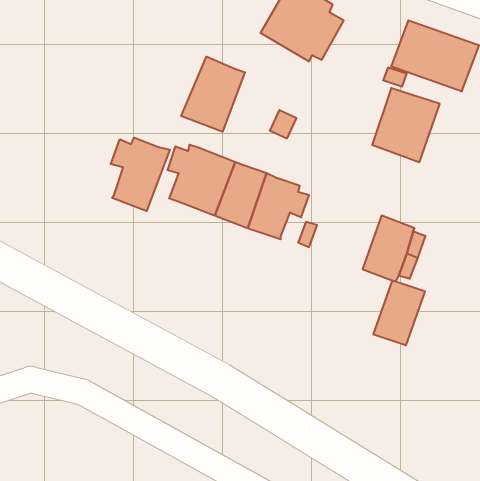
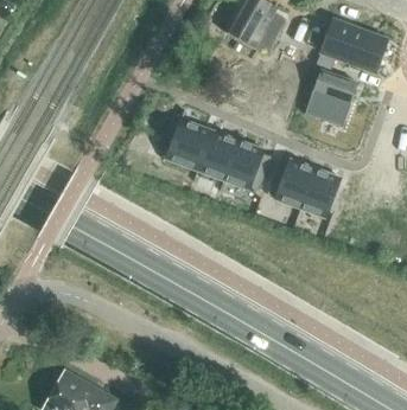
building: [181,57,245,132] -> none
building: [111,138,170,211] -> none
building: [373,281,425,345] -> [274,159,313,207]

